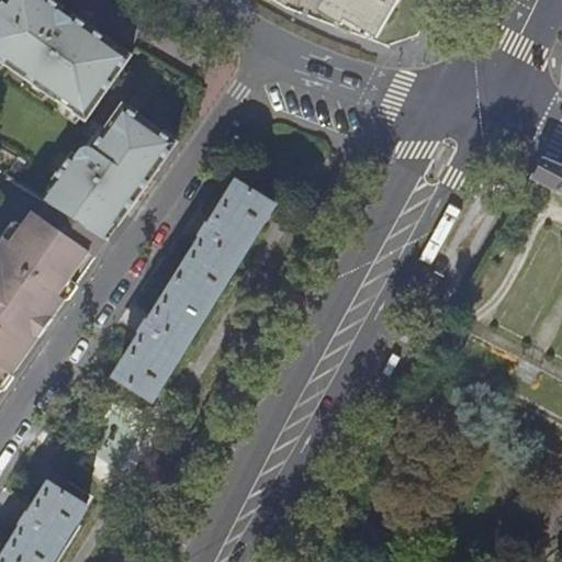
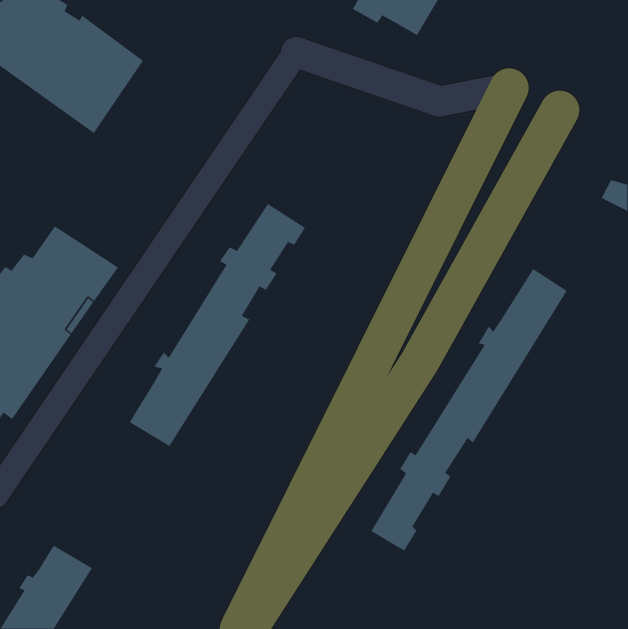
building: [38,103,173,237] -> none
building: none -> [370,268,568,552]

